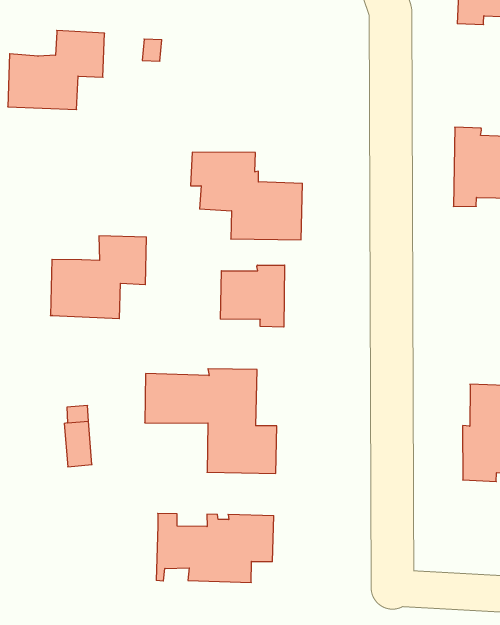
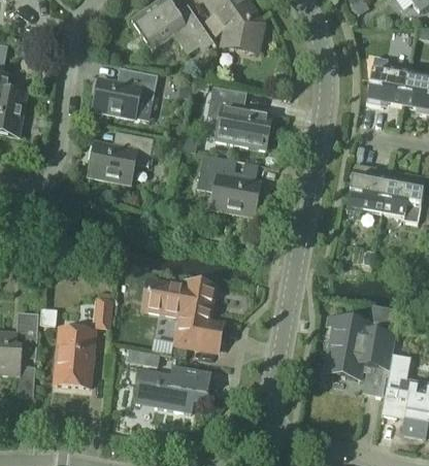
building: none -> [208,87,271,148]
building: [50,236,146,319] -> [89,133,153,184]
building: [220,265,285,327] -> none
building: none -> [54,328,94,387]

